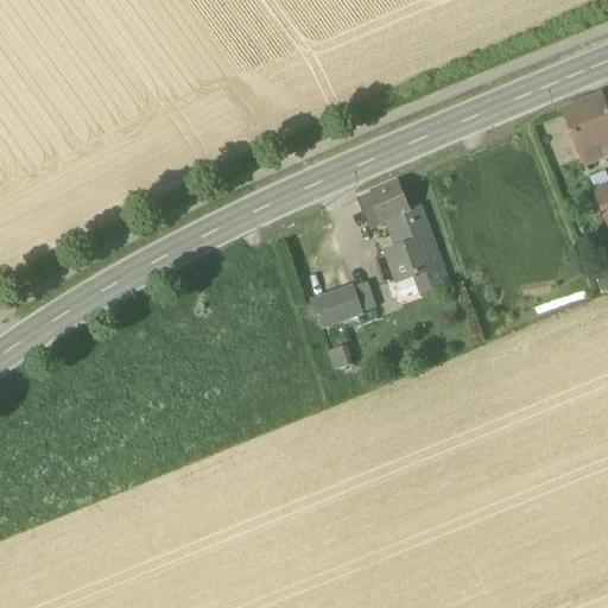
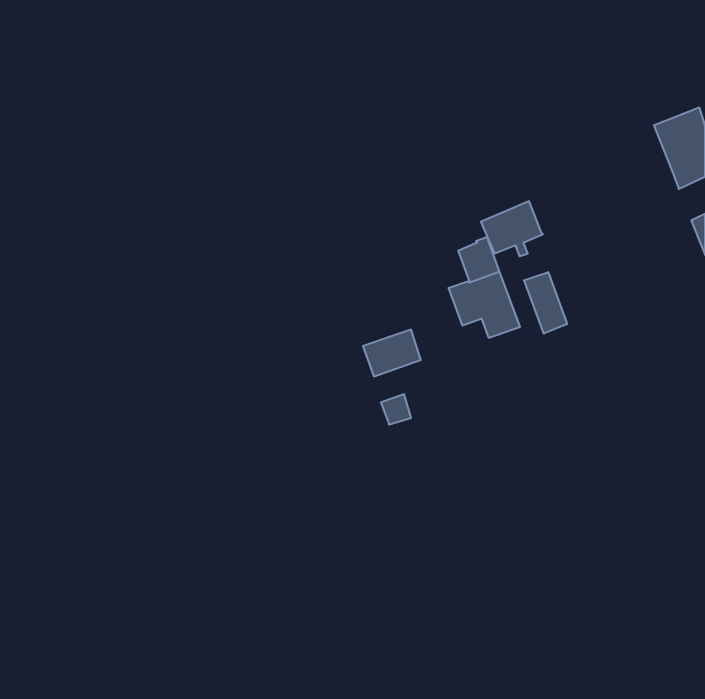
building: [357,180,411,228] -> [481,201,543,256]
building: none -> [524,272,567,334]

